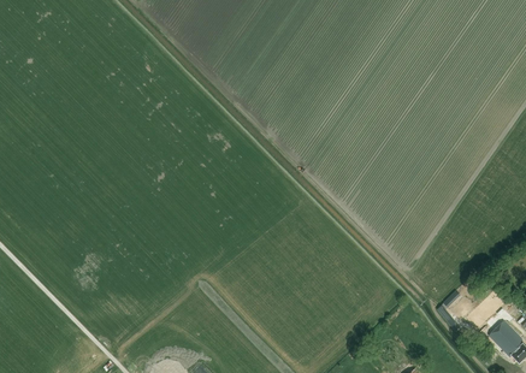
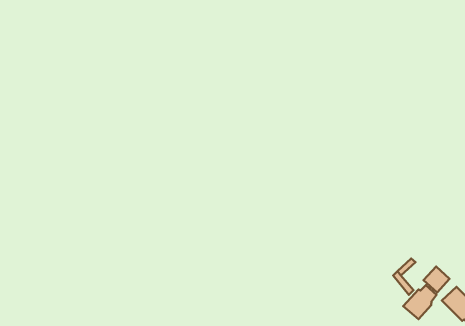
building: none -> [403,285,436,319]

